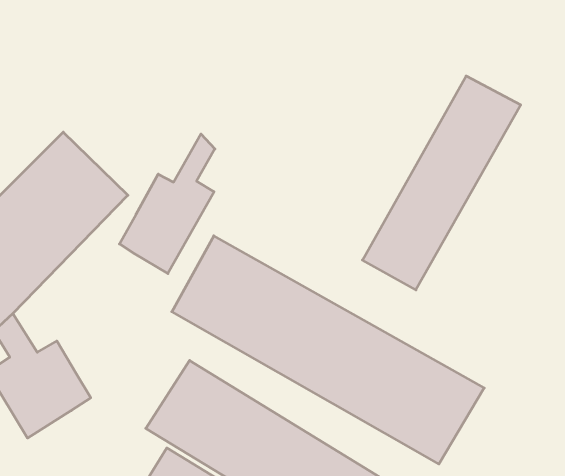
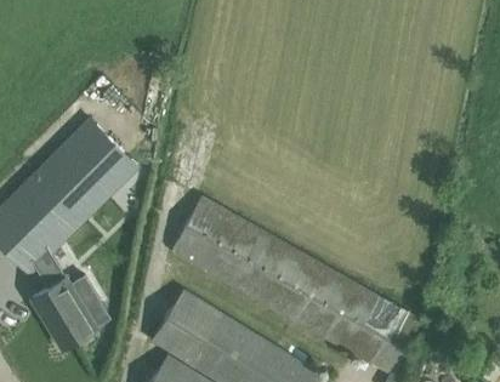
building: [362,76,521,290] -> none
building: [119,134,215,274] -> none

